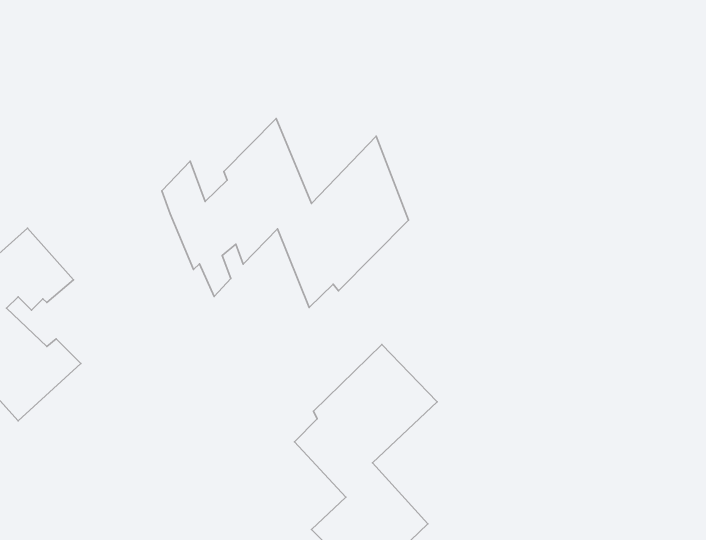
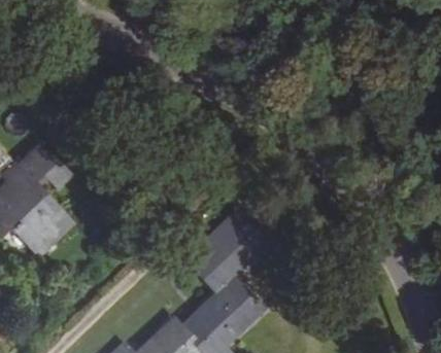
building: [162,118,409,308] -> none

